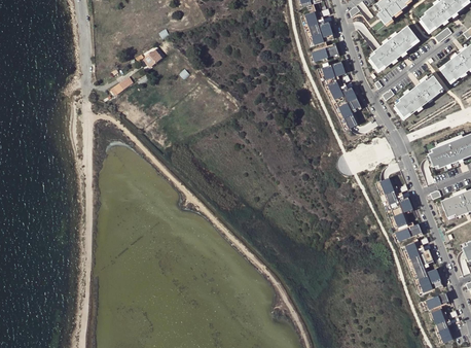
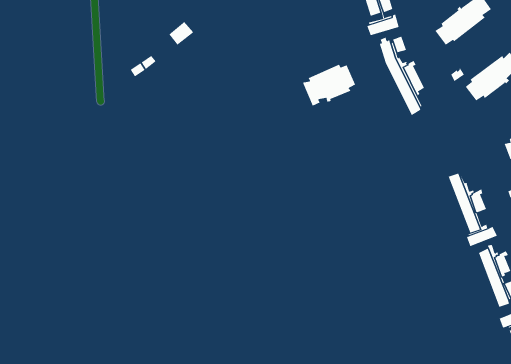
building: none -> [302,64,356,107]

